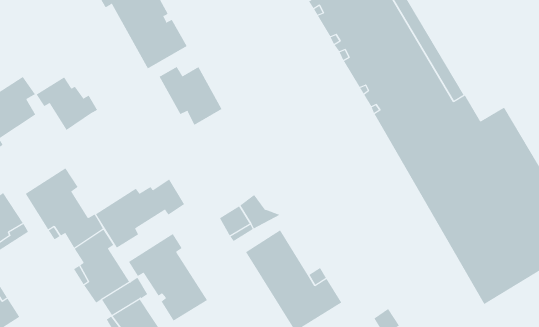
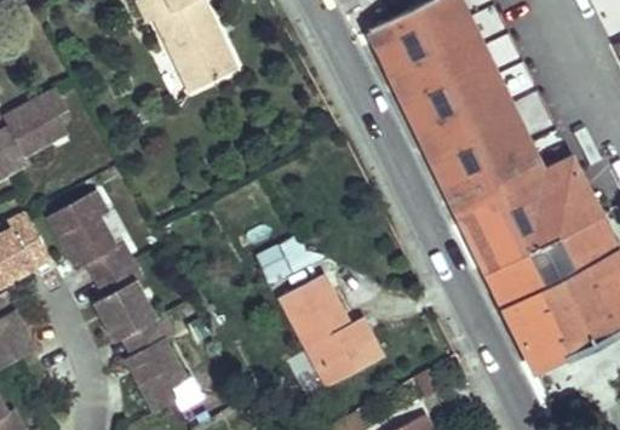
building: [159,66,223,126] -> none
building: [36,77,98,131] -> none
building: [95,179,185,249] -> none
building: [128,233,208,321] -> none

